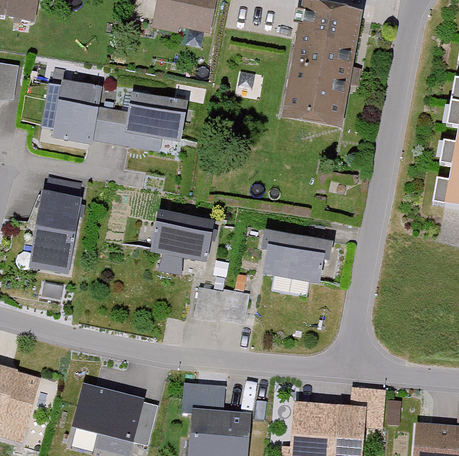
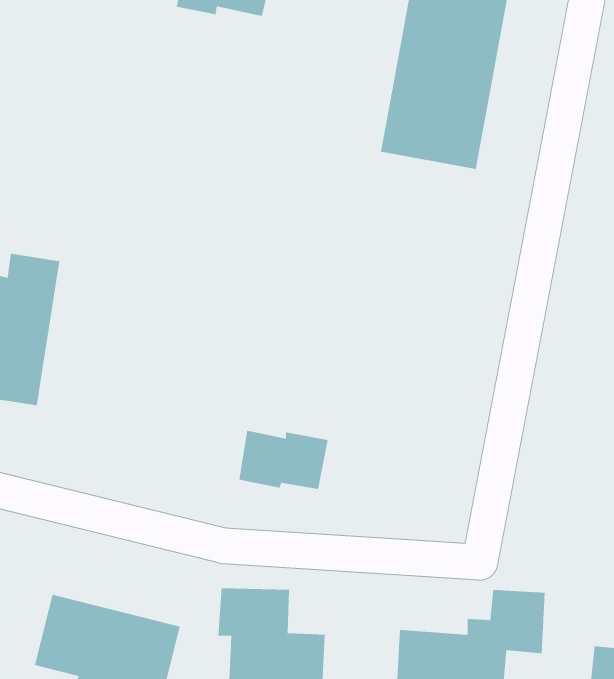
building: [49,83,184,152] -> none
building: [148,215,212,279] -> none
building: [256,235,328,287] -> none

